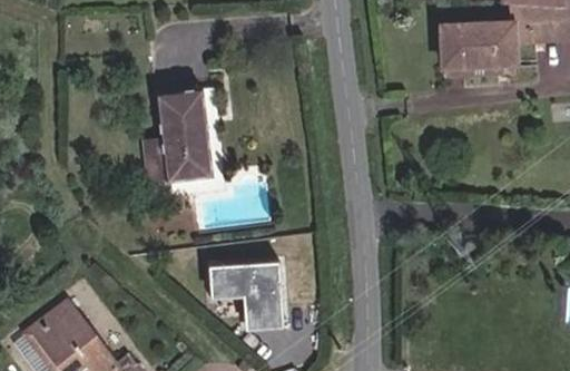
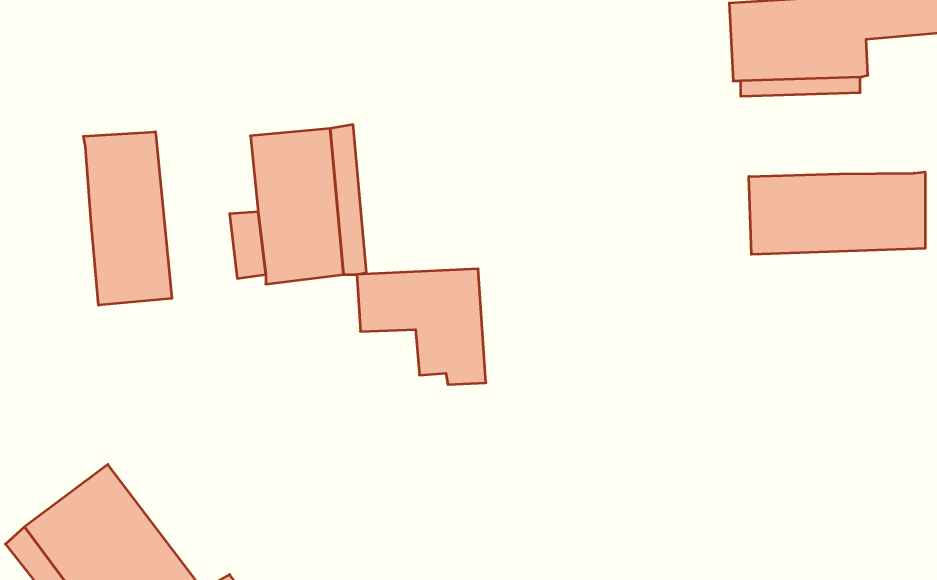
building: none -> [83,132,172,305]
building: none -> [749,172,925,254]
building: [208,263,284,331] -> [357,269,486,385]

